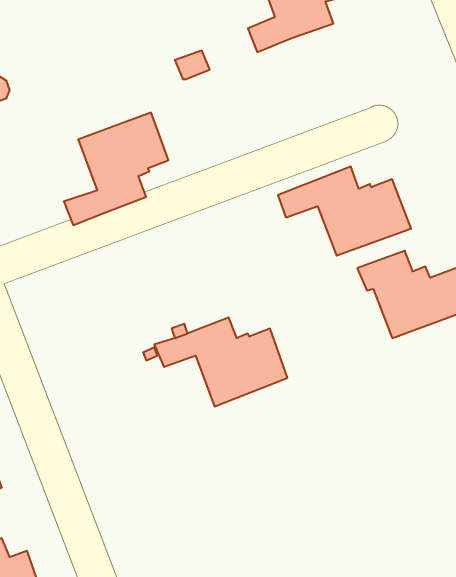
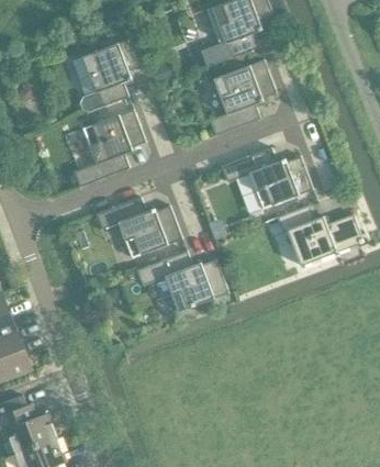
building: none -> [79,38,142,112]
building: none -> [208,60,275,136]
building: none -> [93,198,181,258]

